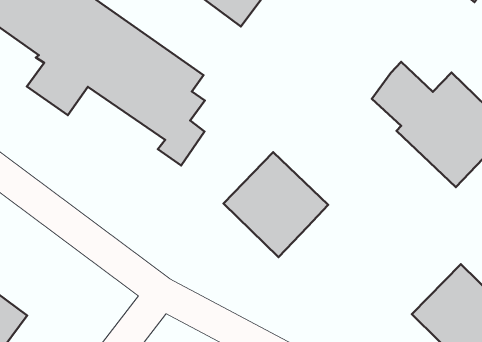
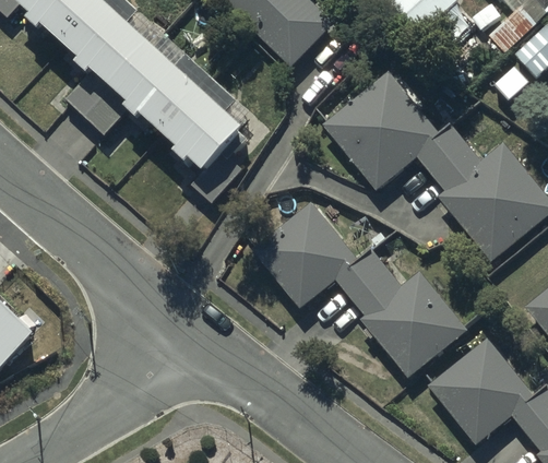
building: none -> [322,72,440,192]
building: none -> [334,250,467,376]

